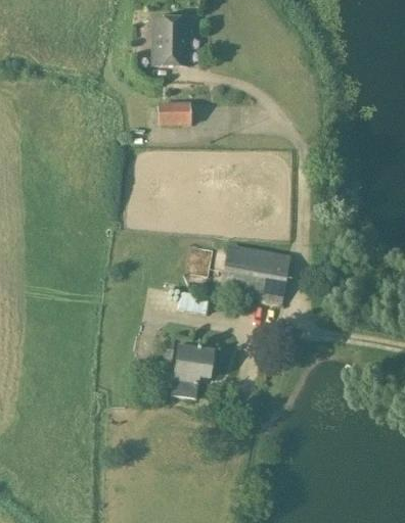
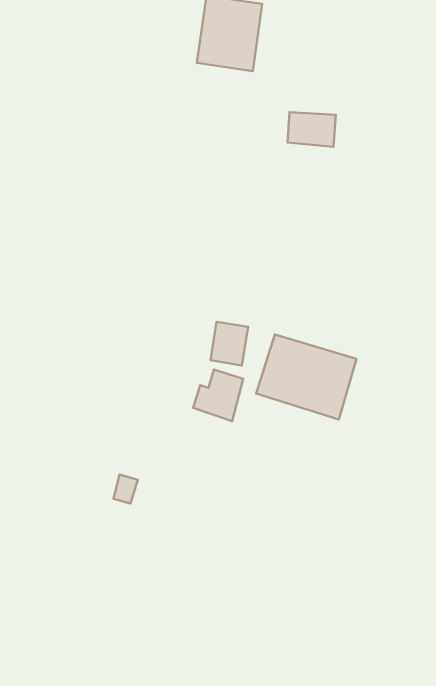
building: [158,101,191,125] -> [287,112,336,147]
building: [162,342,218,397] -> none

